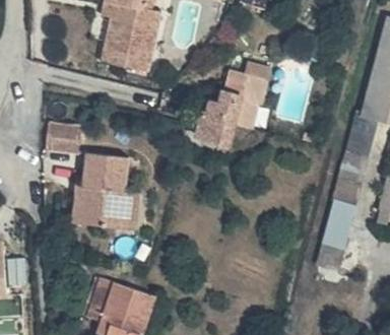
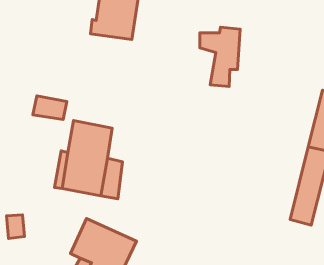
building: [194,85,237,145] -> none

